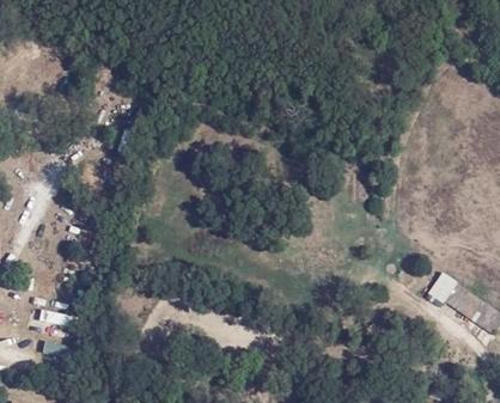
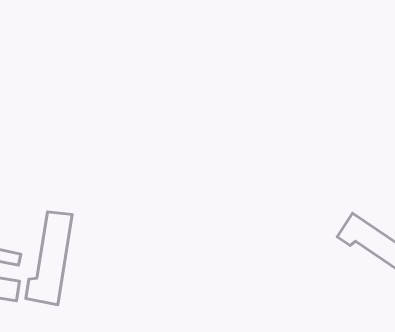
building: none -> [26,212,72,305]

